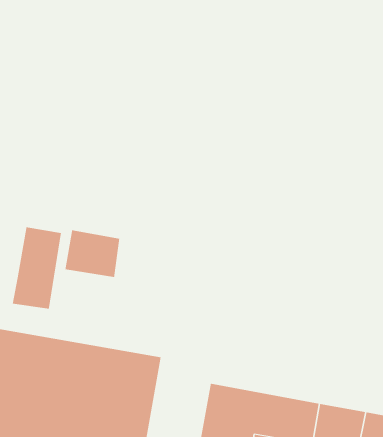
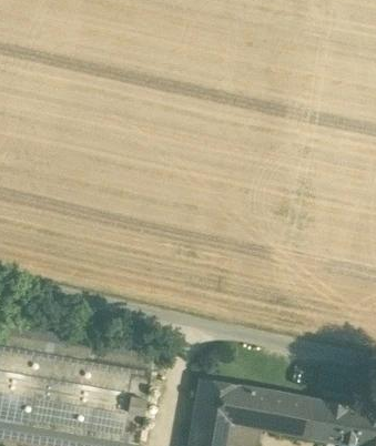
building: [12,226,62,309] -> none
building: [65,230,120,278] -> none

